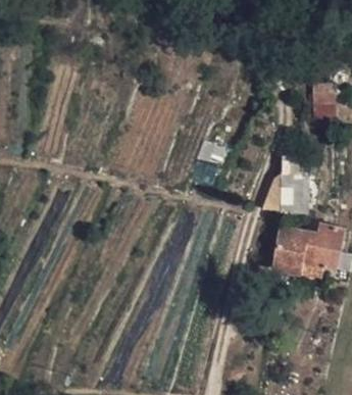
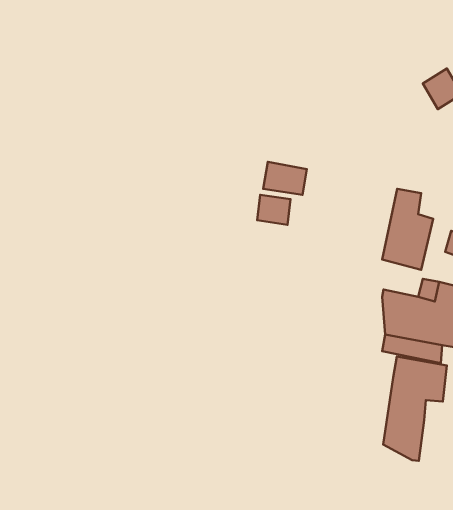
building: none -> [383,356,447,461]

